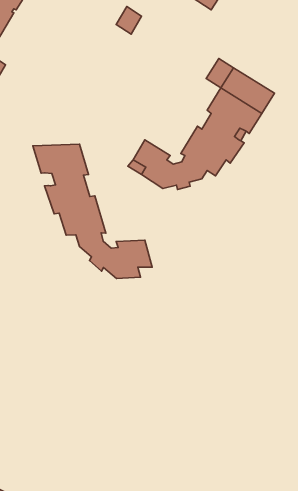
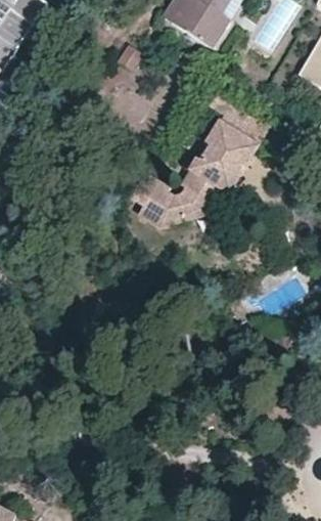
building: [33,144,152,279] -> none

